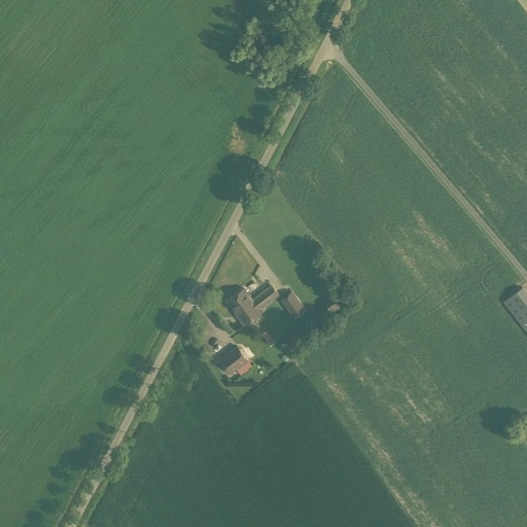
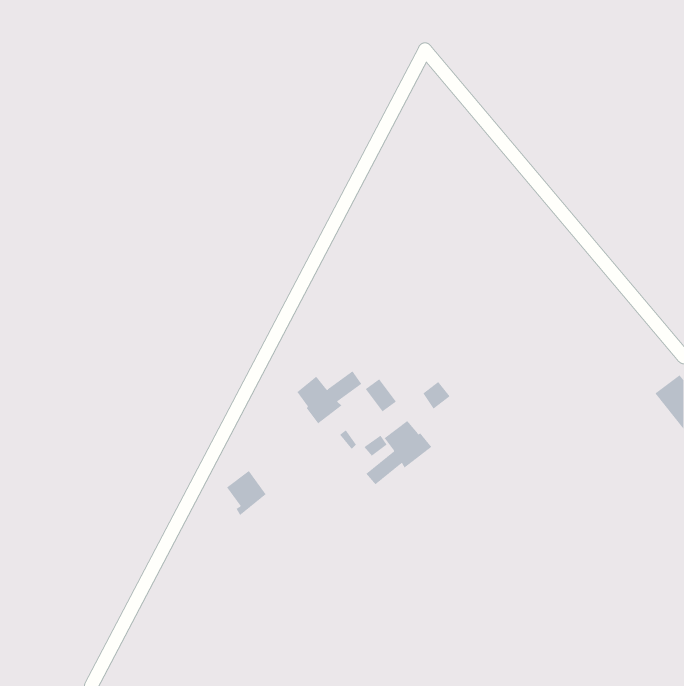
building: none -> [365,420,432,485]
building: [219,346,250,381] -> [226,470,267,516]

